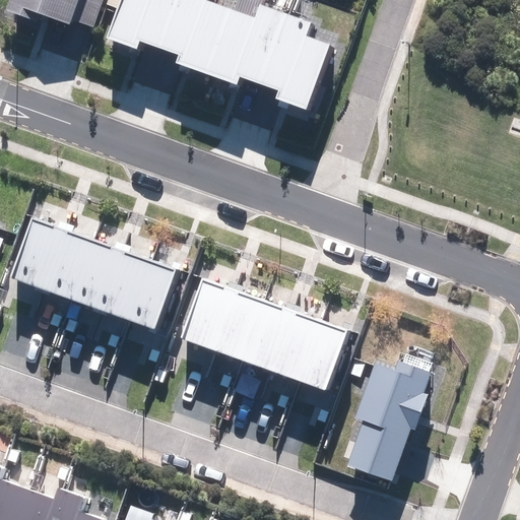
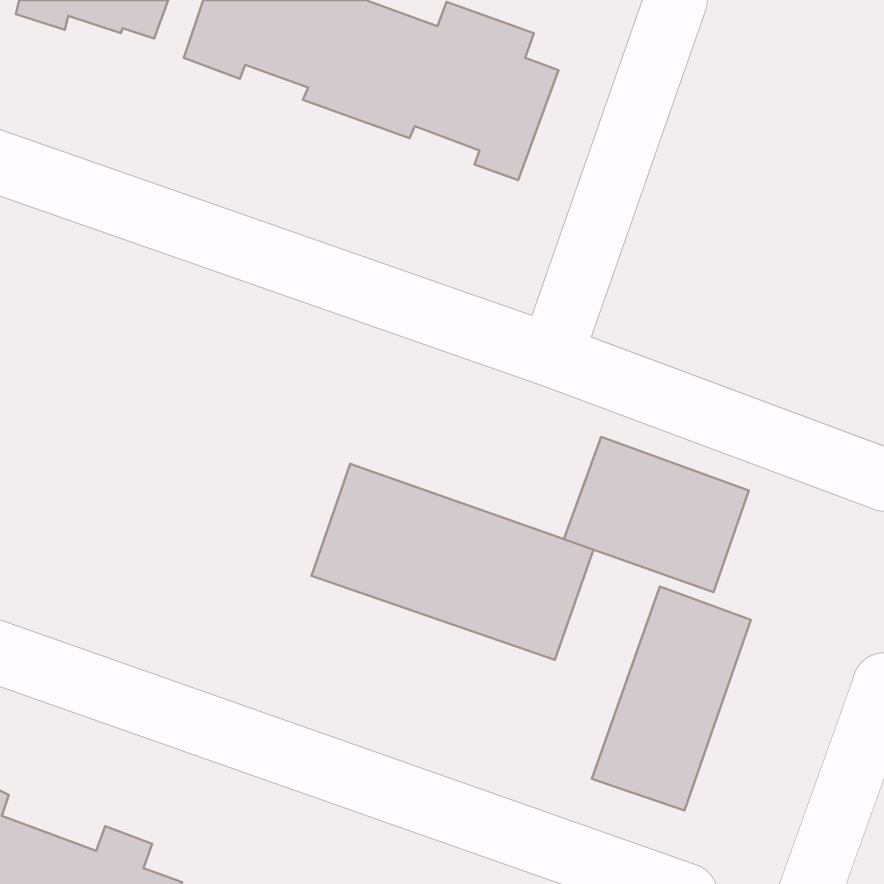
building: [11,215,178,328] -> none
building: none -> [564,437,749,592]

